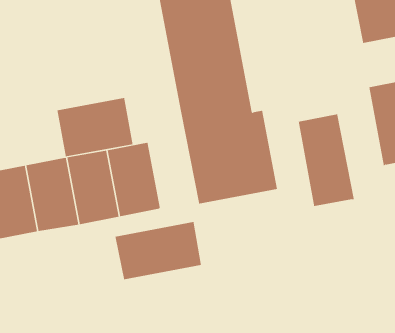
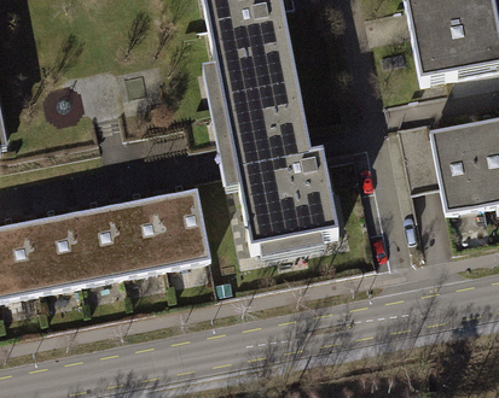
building: [57,97,133,157] -> none
building: [298,113,355,207] -> none
building: [115,221,201,280] -> none

